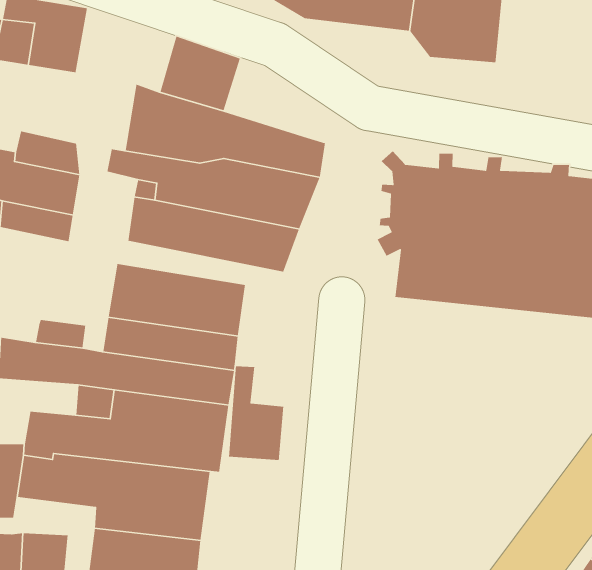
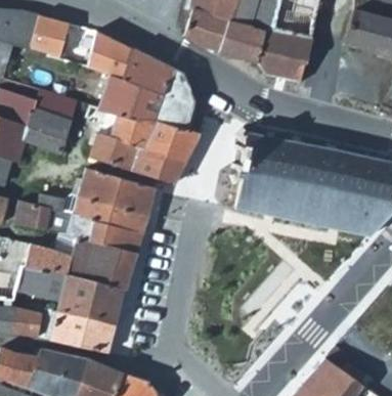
building: none -> [88,32,131,79]
building: none -> [153,65,198,113]
building: [228,365,284,461] -> none

